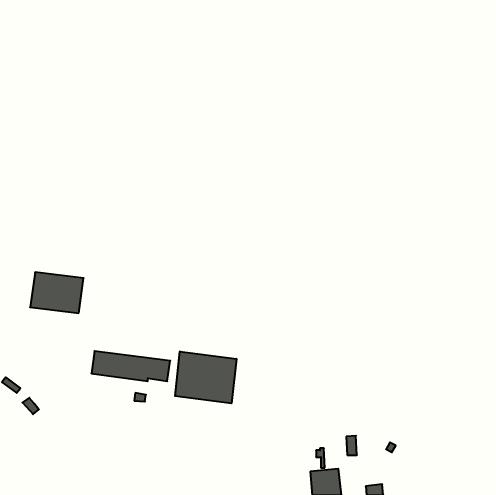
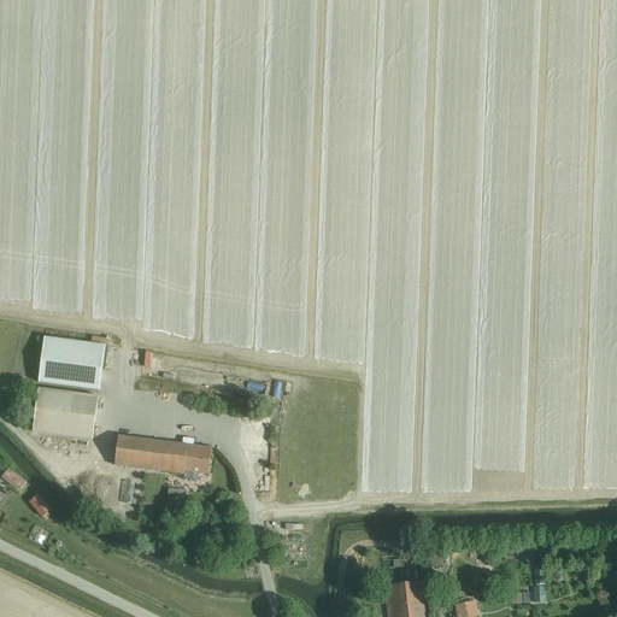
building: none -> [33,387,98,437]
building: [175,351,236,403] -> none

